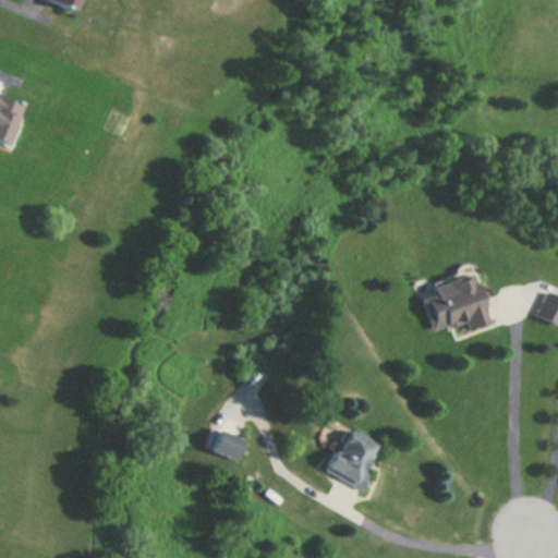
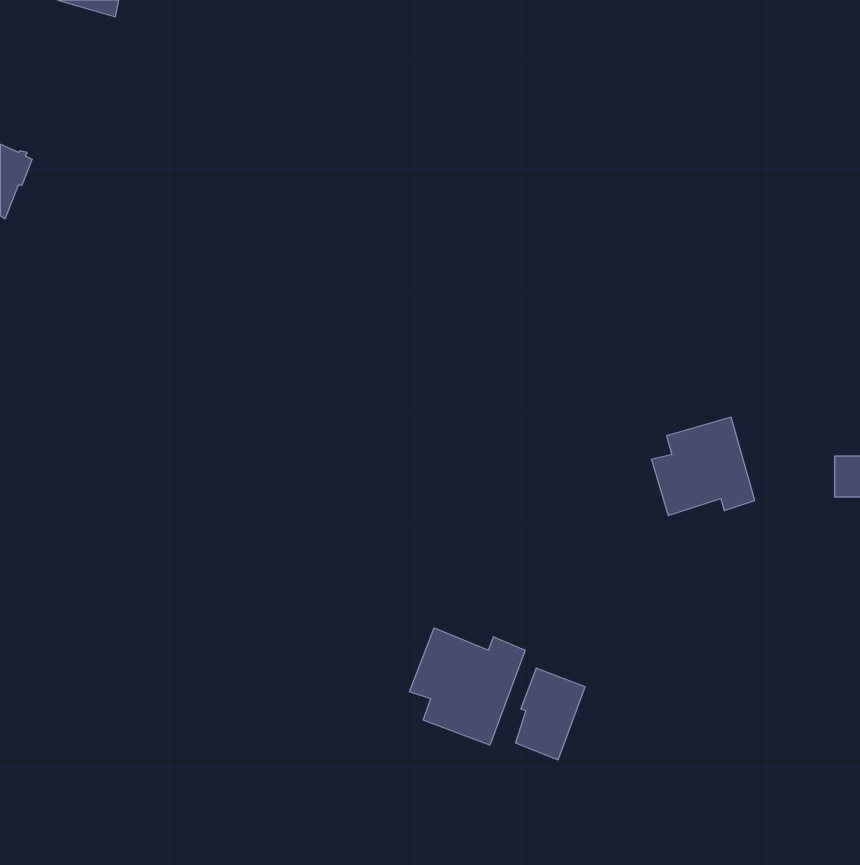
building: none -> [410,628,525,745]
building: [211,428,246,462] -> none

